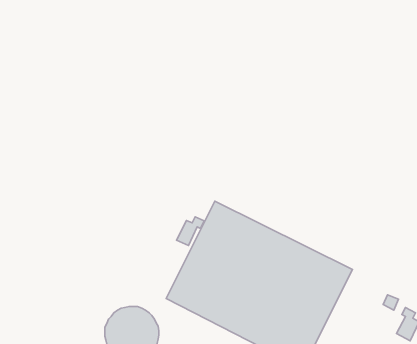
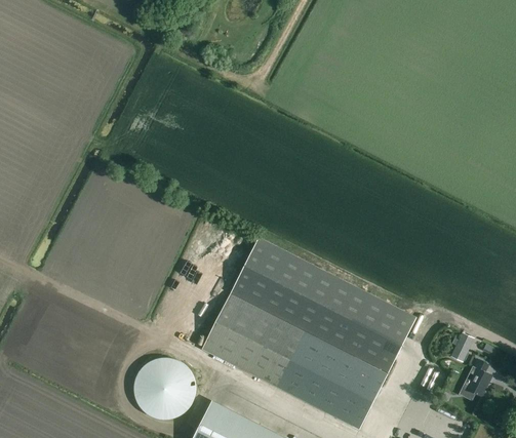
building: [176,217,204,246] -> none

